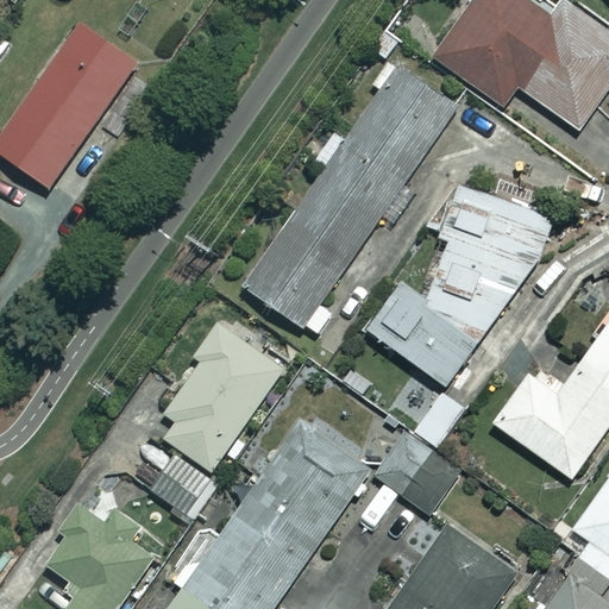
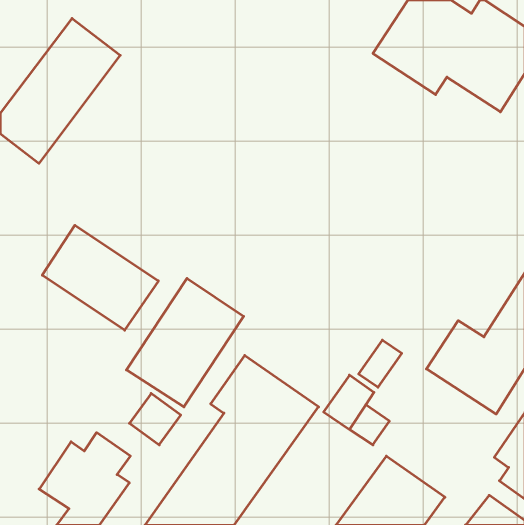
building: [243,64,458,338] -> none
building: [369,186,560,387] -> none
building: none -> [42,225,158,330]

